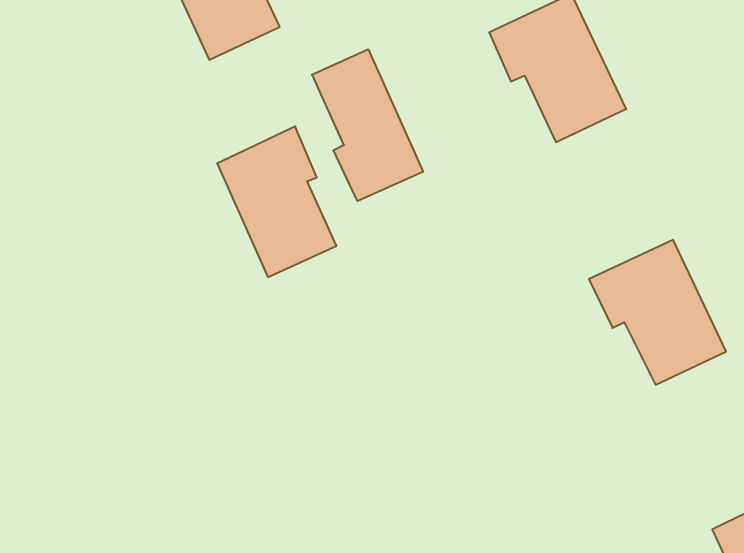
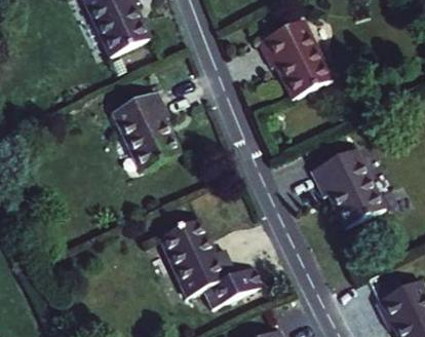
building: [312,49,423,201] -> none
building: none -> [161,217,262,307]

